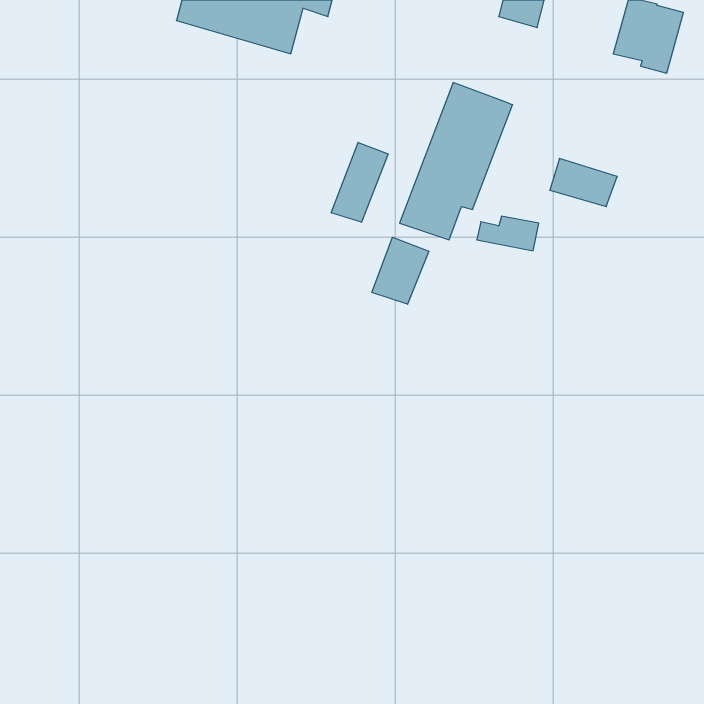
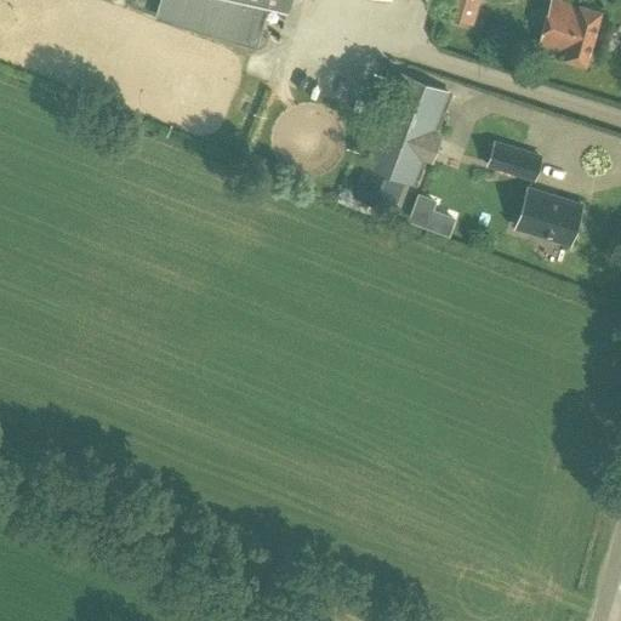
building: [331,142,388,222] -> none
building: none -> [518,187,583,243]
building: [372,237,429,304] -> none

